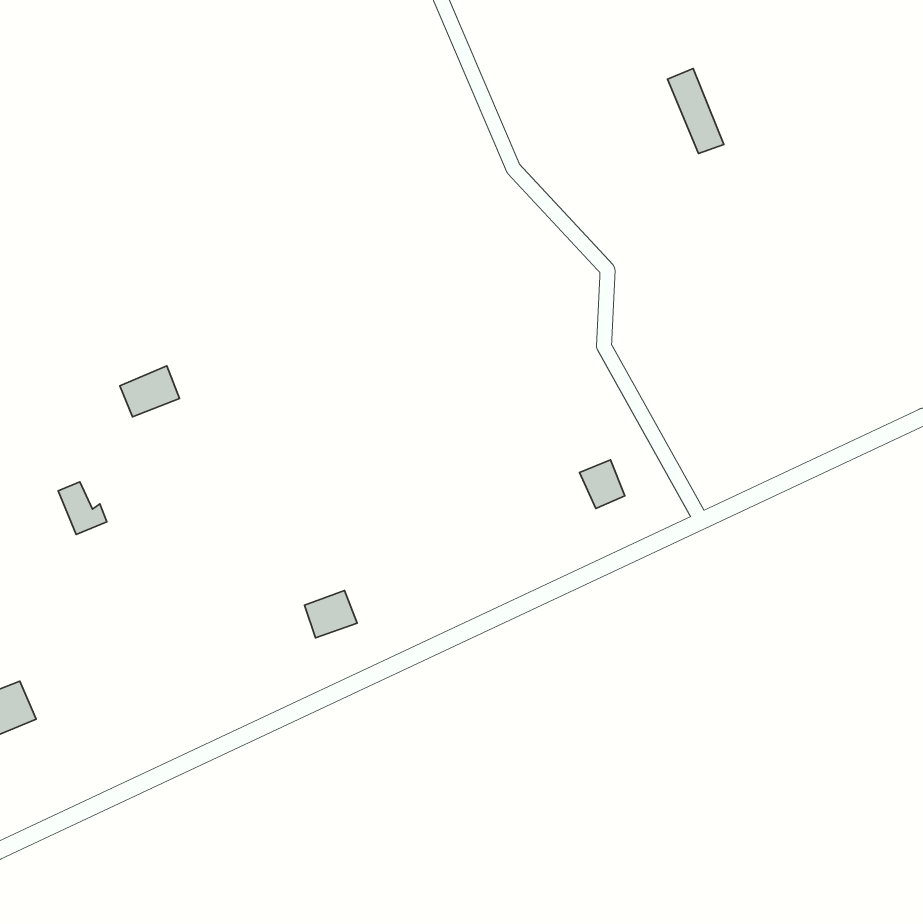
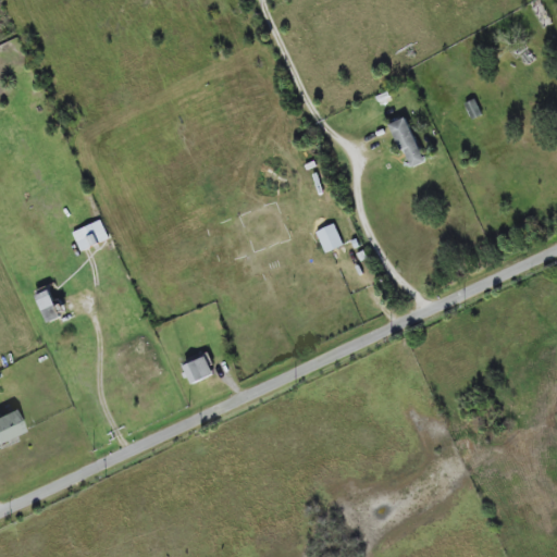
building: [668,68,724,154] -> [389,116,423,168]
building: [580,460,625,509] -> [314,223,342,252]

